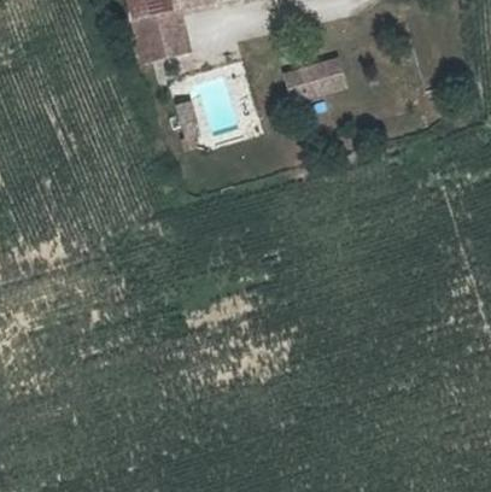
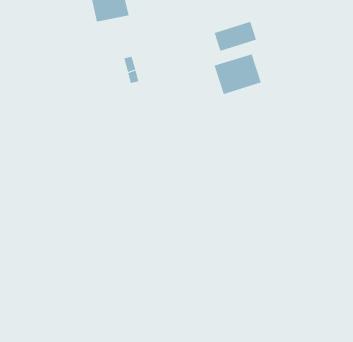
building: none -> [214,53,261,95]

